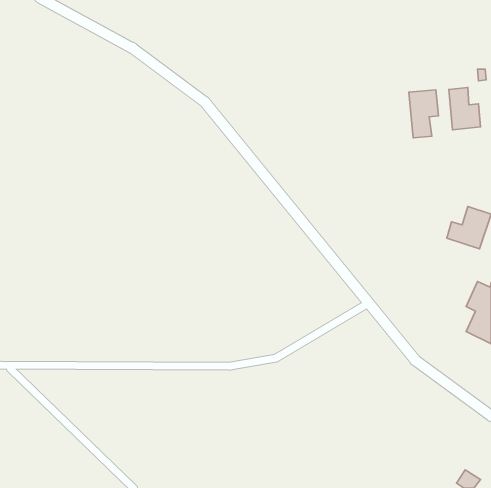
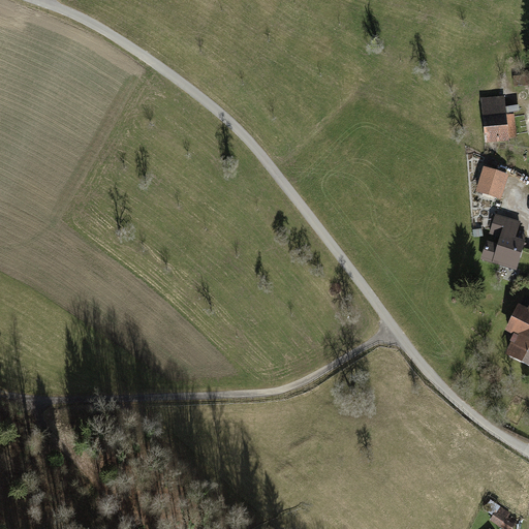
building: [409,90,438,138] -> none
building: none -> [476,168,509,201]

